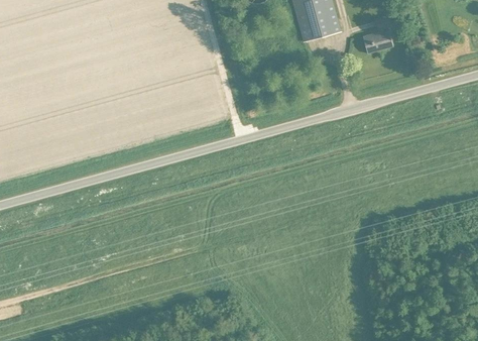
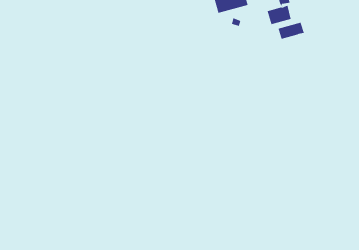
building: none -> [278,22,305,40]

